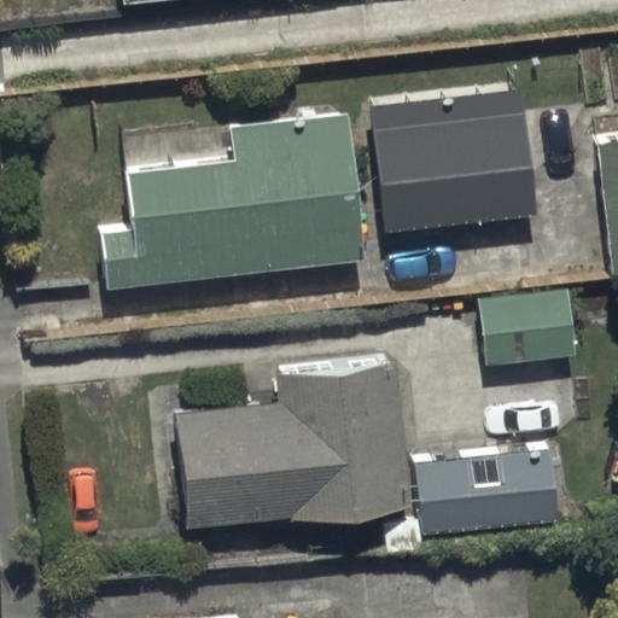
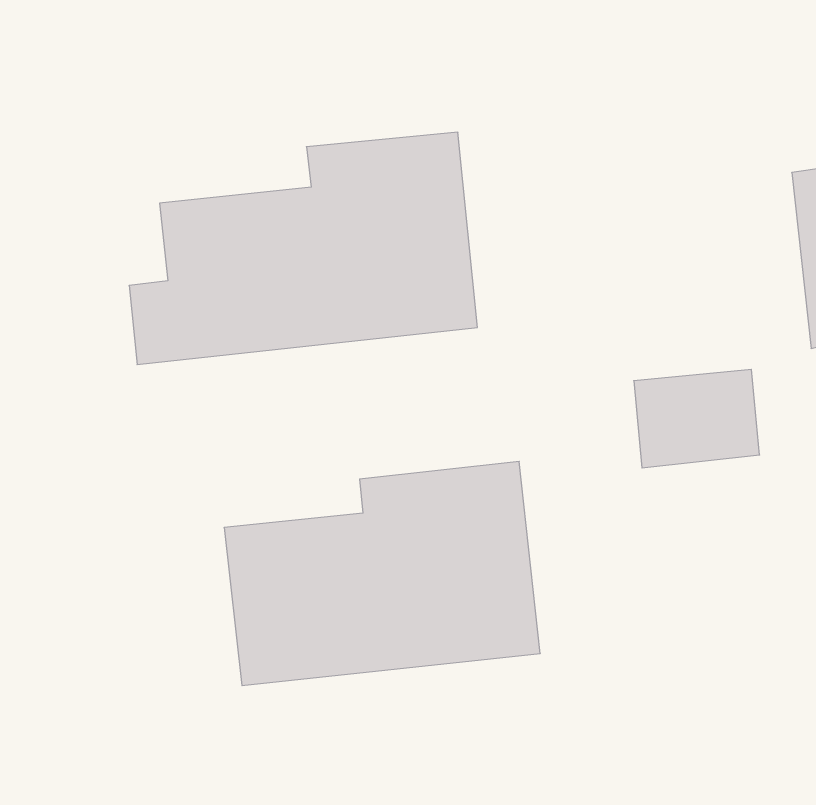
building: [375,104,544,246] -> none
building: [418,456,554,532] -> none

